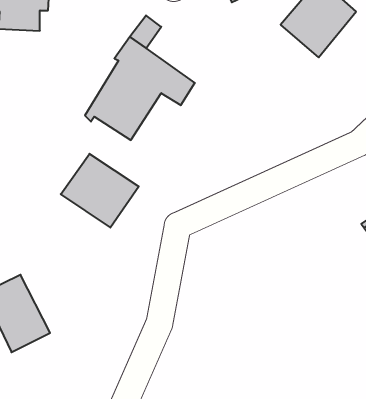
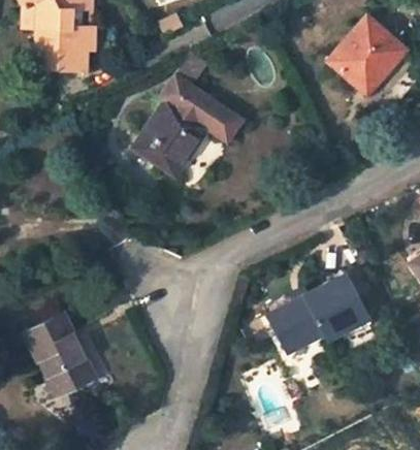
building: [61,154,139,228] -> none
building: none -> [268,275,368,354]

